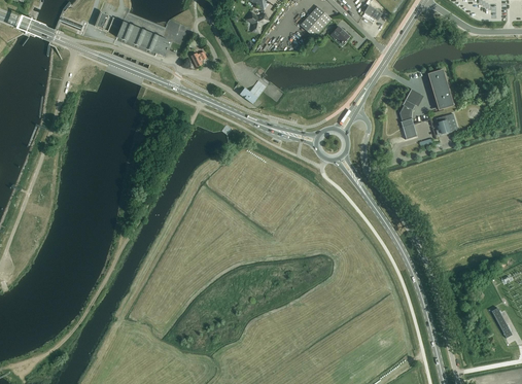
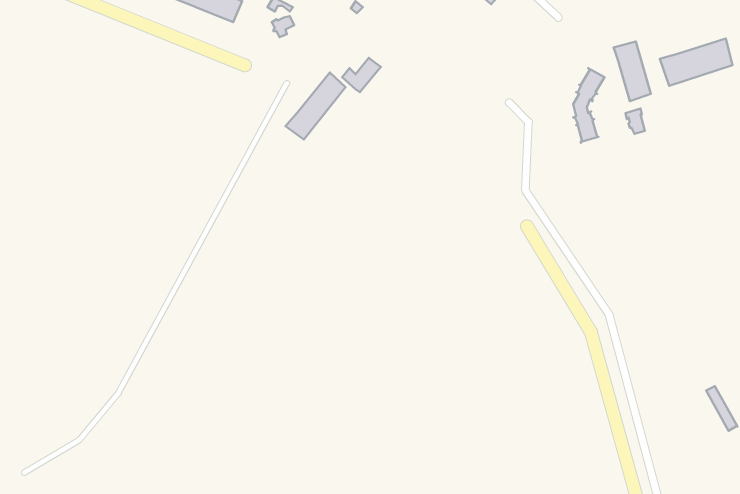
building: none -> [660,39,732,86]
building: none -> [286,73,346,140]

